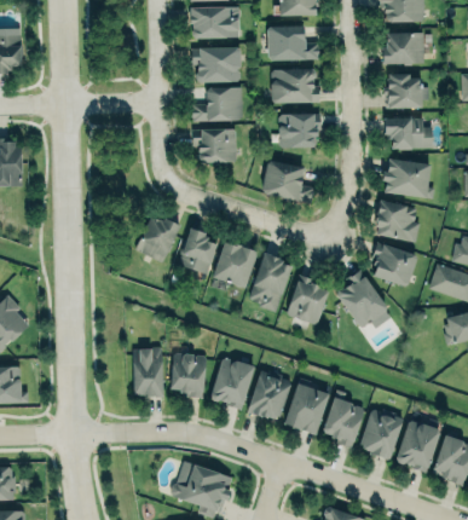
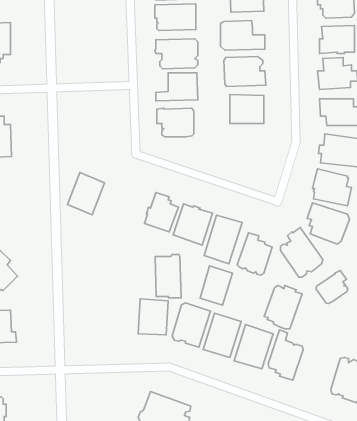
building: [261,160,311,202] -> none
building: [135,213,179,262] -> [67,172,104,215]
building: none -> [200,266,233,305]
building: none -> [316,270,348,303]
building: [133,346,163,397] -> [155,254,181,298]
building: [359,409,404,460] -> [264,286,302,329]

